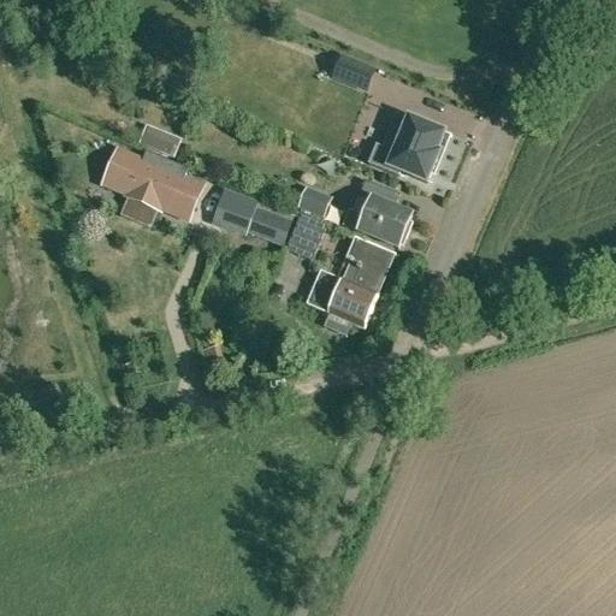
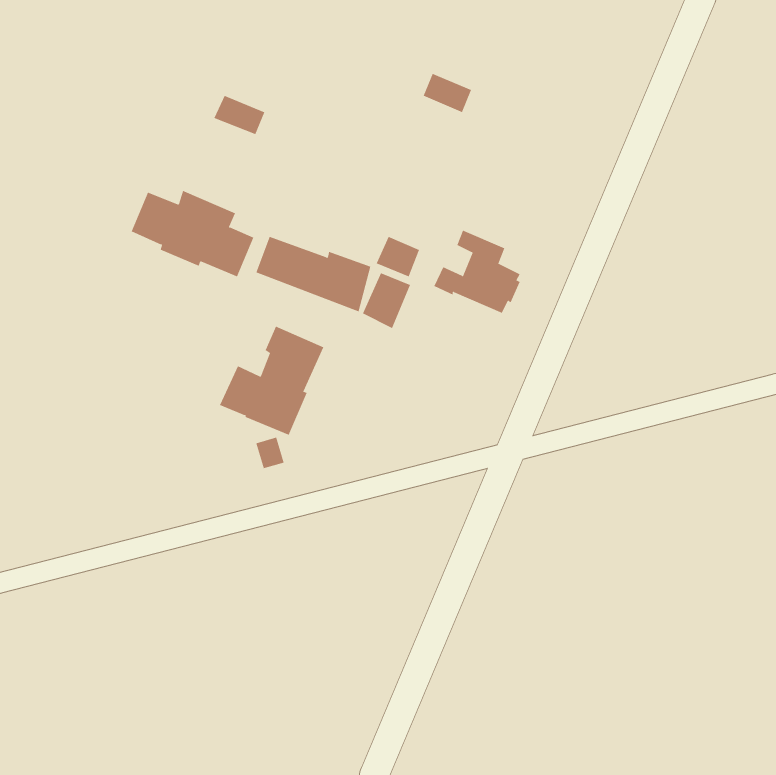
building: [367,113,443,182] -> none
building: [138,125,179,156] -> [213,95,265,135]
building: [309,241,392,327] -> [219,326,324,436]

